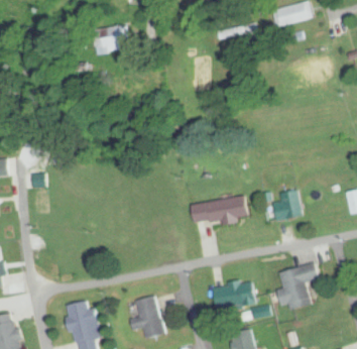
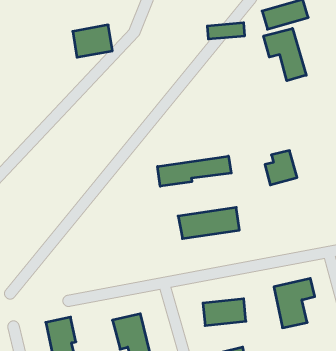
building: none -> [264,28,306,81]
building: none -> [158,156,231,186]
building: [271,190,302,222] -> [265,151,297,185]

